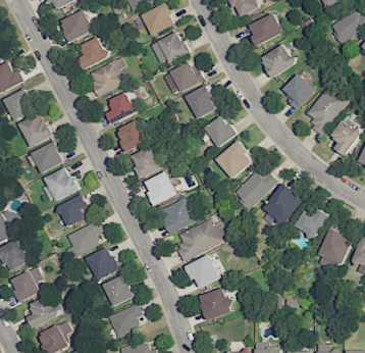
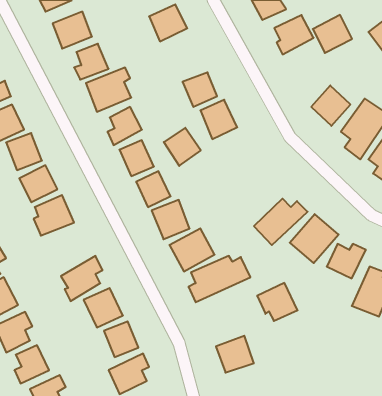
building: [150,32,188,65] -> none
building: [260,45,294,78] -> [313,15,352,53]
building: [204,115,236,148] -> [164,128,201,166]
building: [215,142,253,180] -> none
building: [57,195,87,226] -> none
building: [185,255,219,288] -> [257,283,298,321]

